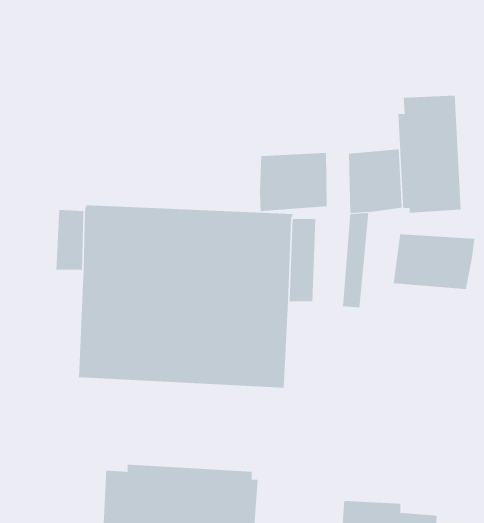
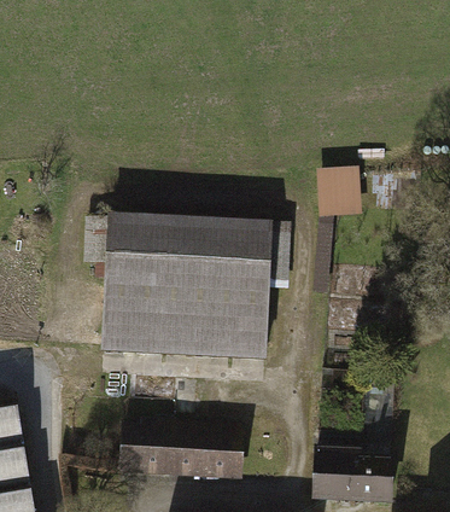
building: [398,95,461,213] -> none
building: [259,152,327,212] -> none
building: [393,234,475,290] -> none

